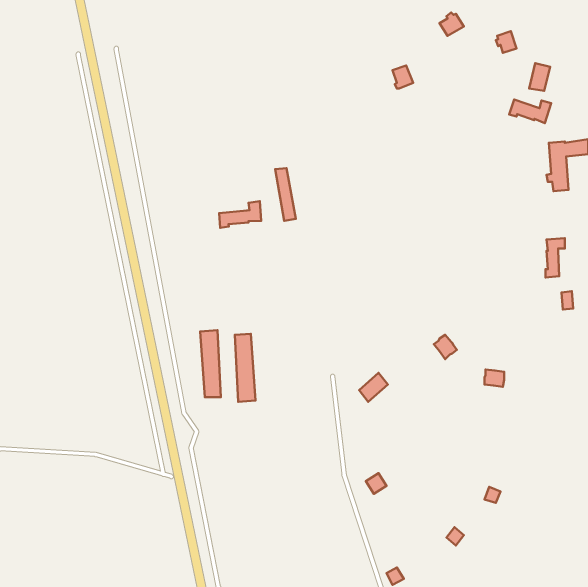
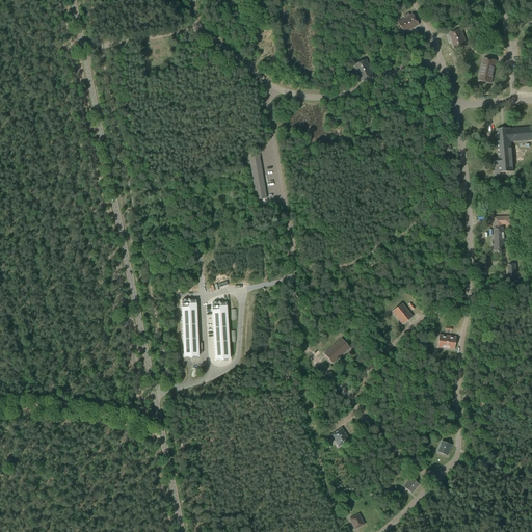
building: [509,100,551,123] -> none
building: [219,201,261,228] -> none

